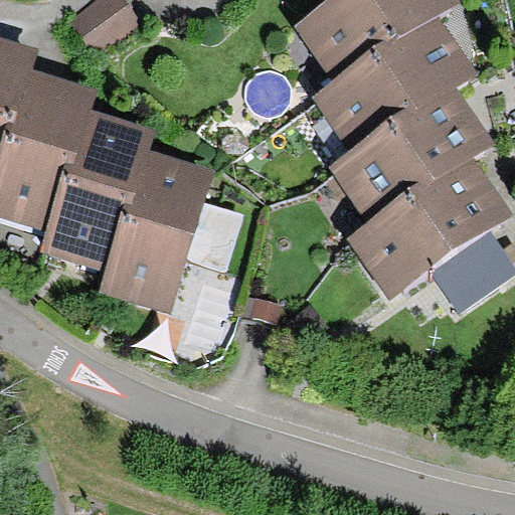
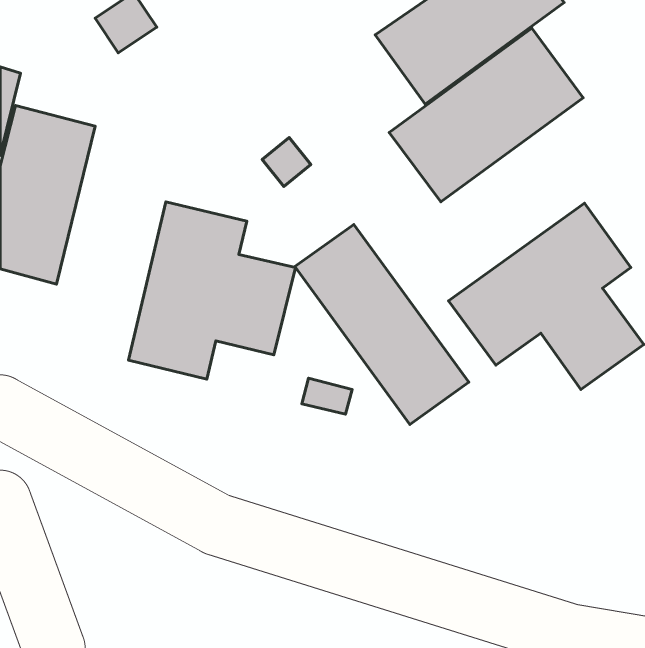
building: [337,94,483,223] -> none
building: [48,124,142,263] -> none
building: none -> [295,224,469,424]

